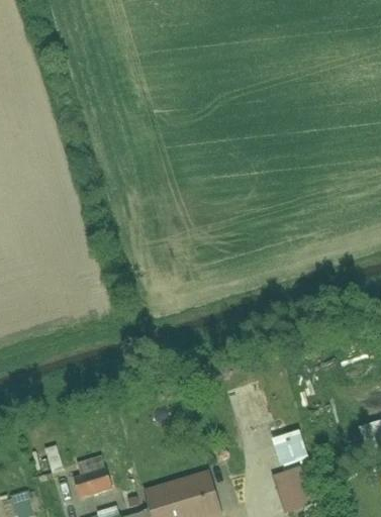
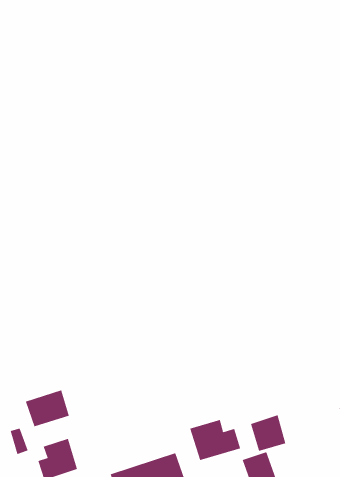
building: none -> [25,390,70,427]
building: none -> [189,419,241,461]

